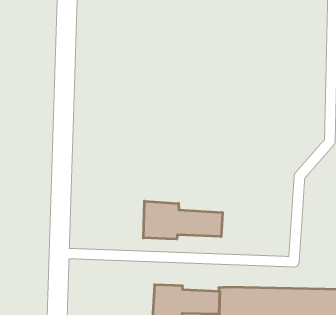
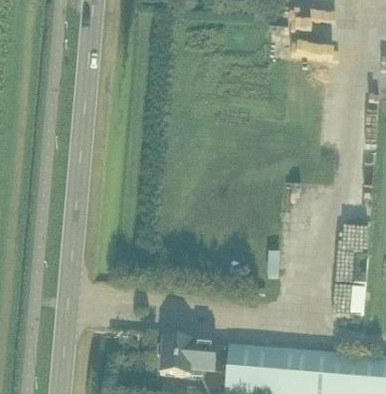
building: [143,201,222,239] -> none

